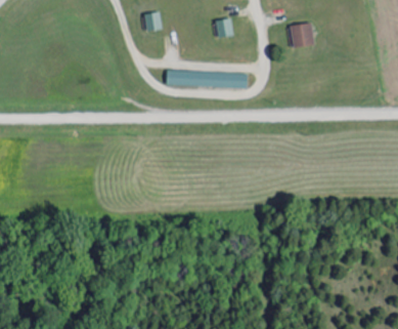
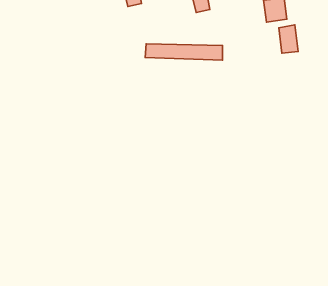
building: none -> [279,25,298,53]

